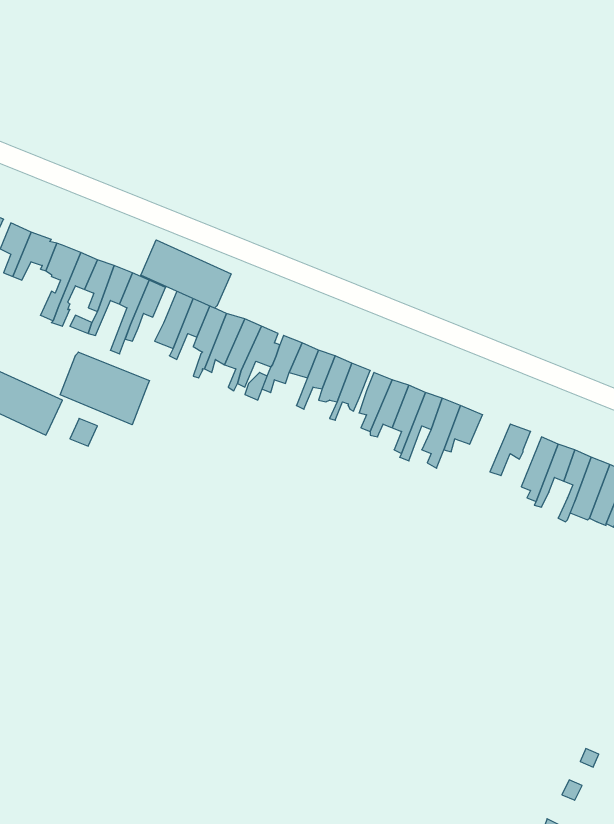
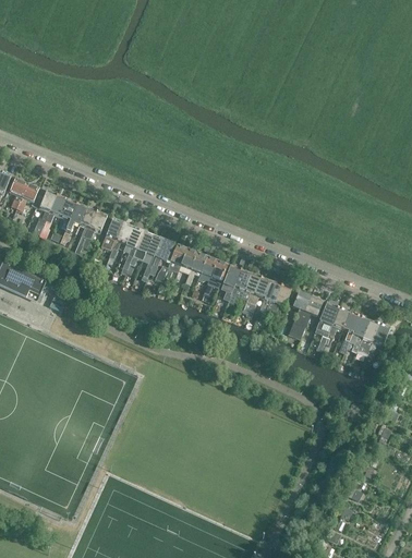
building: [141,240,231,308] -> none
building: [60,352,149,425] -> none
building: none -> [288,292,311,340]

